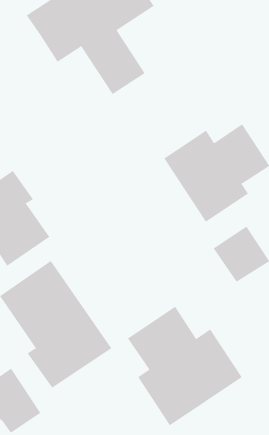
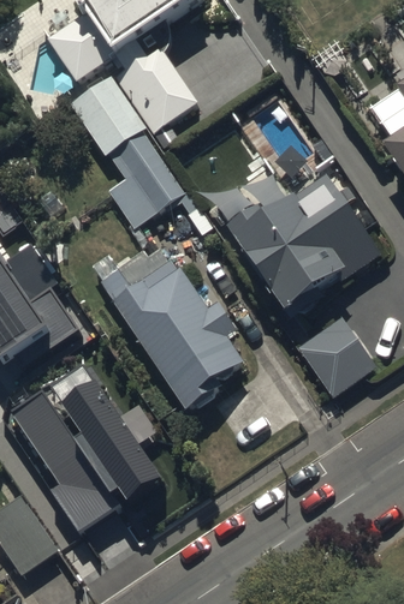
building: none -> [73,86,186,232]
building: none -> [101,246,254,424]
building: [127,306,243,426] -> none

